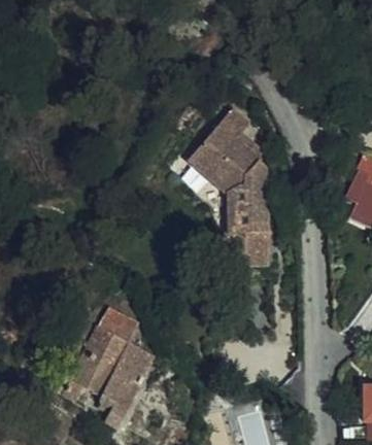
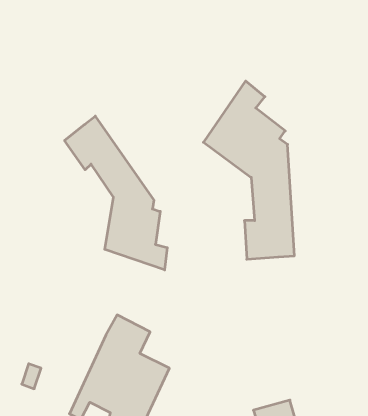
building: none -> [65,116,167,270]

